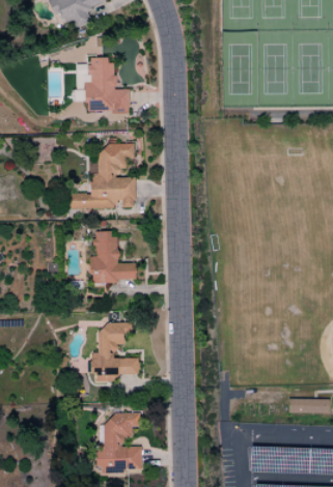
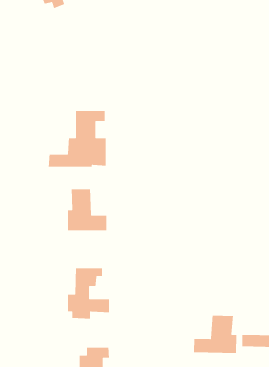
building: [77,58,131,113] -> none
building: none -> [193,315,237,354]

